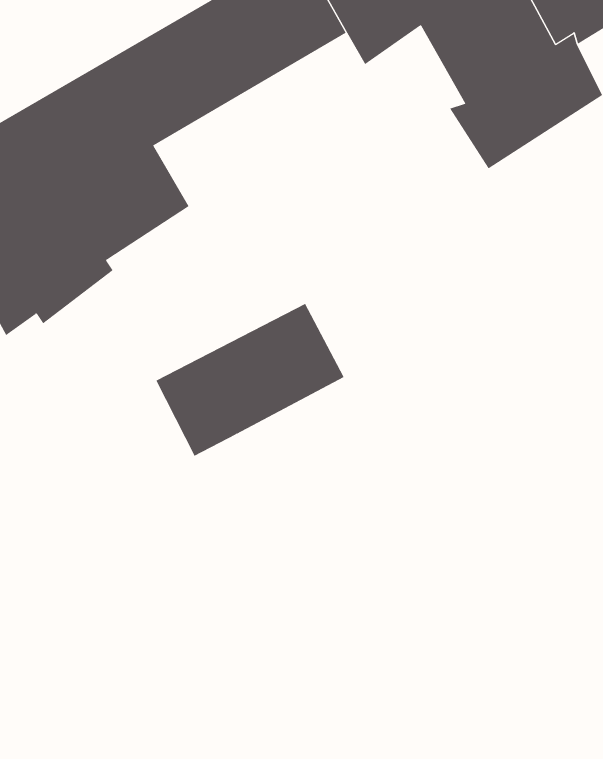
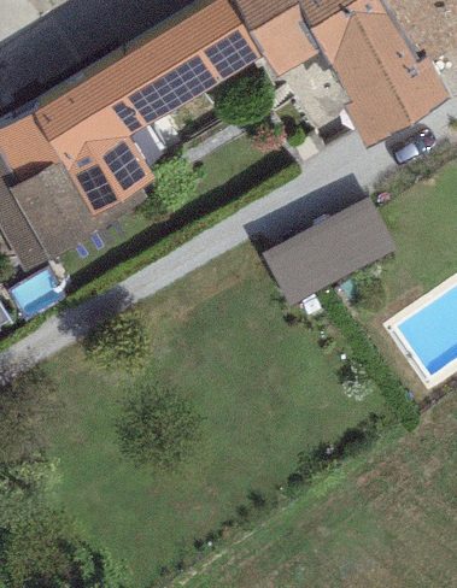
building: [156,303,344,456] -> [258,195,393,305]

